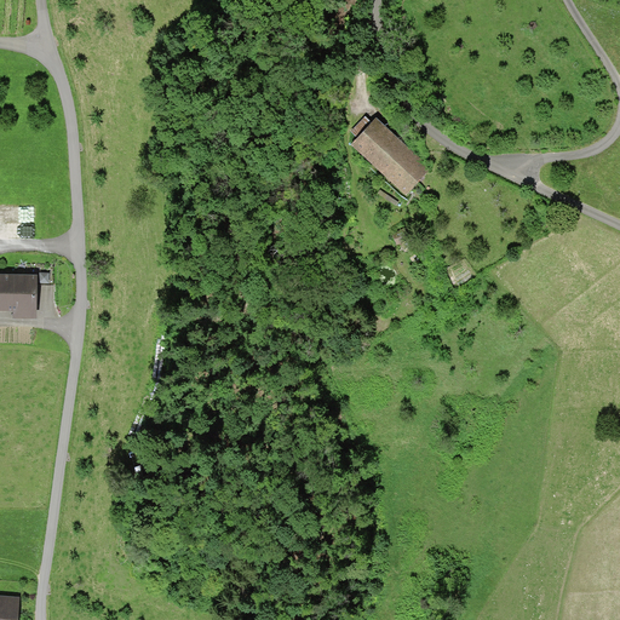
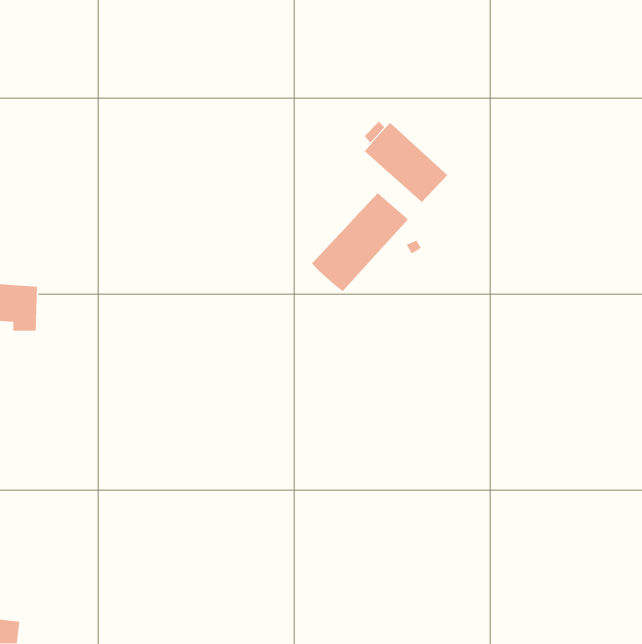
building: none -> [311,192,409,292]

